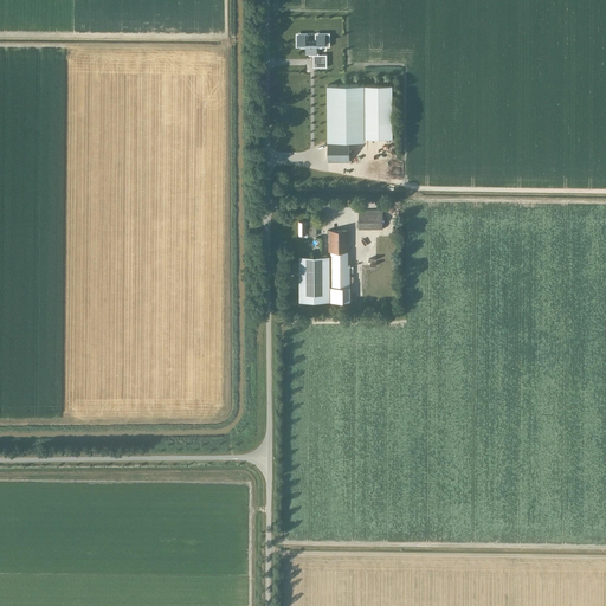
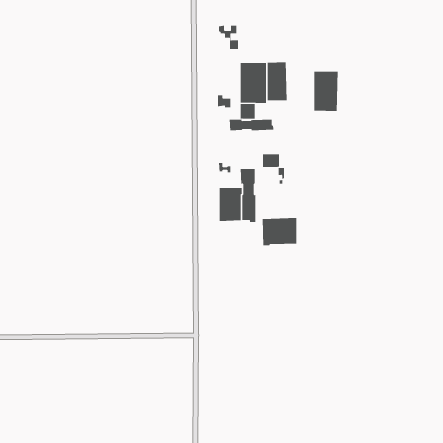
building: none -> [314,71,338,112]
building: none -> [229,119,274,131]
building: none -> [262,217,297,246]

